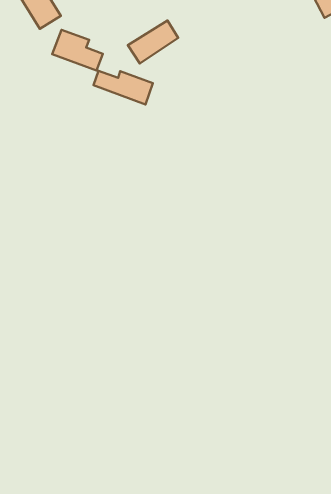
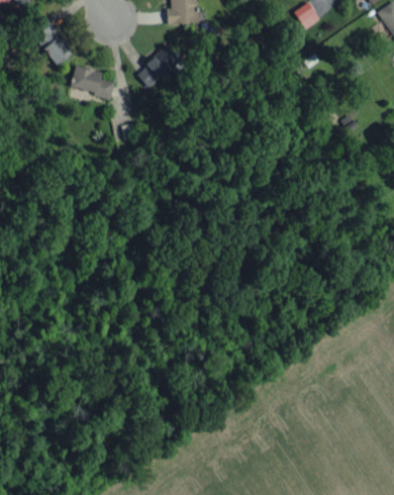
building: [93,71,153,104] -> none

